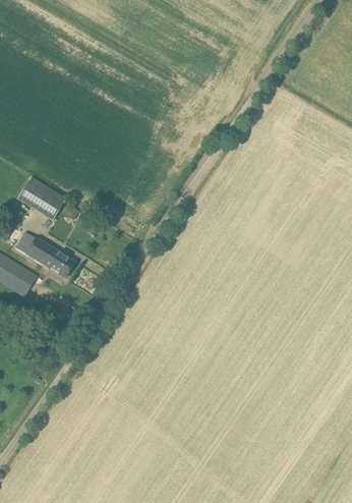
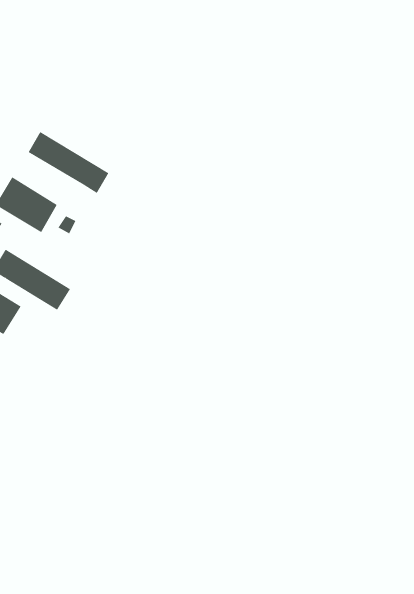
building: none -> [28,131,109,194]

